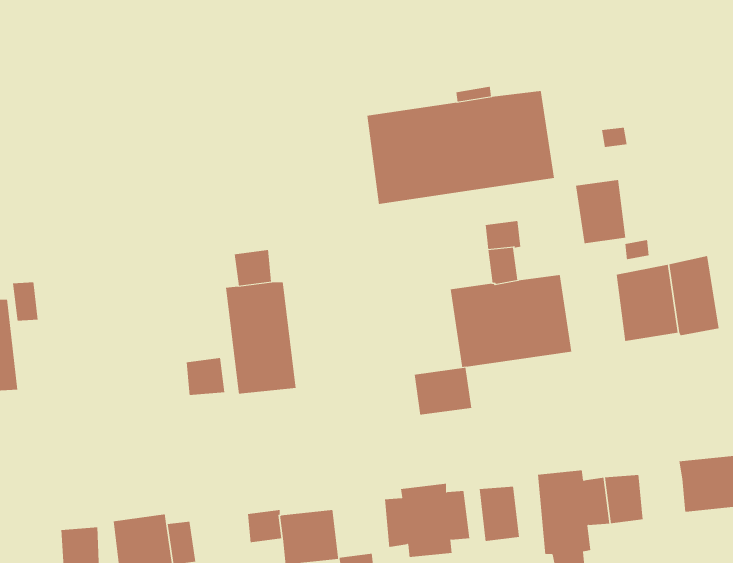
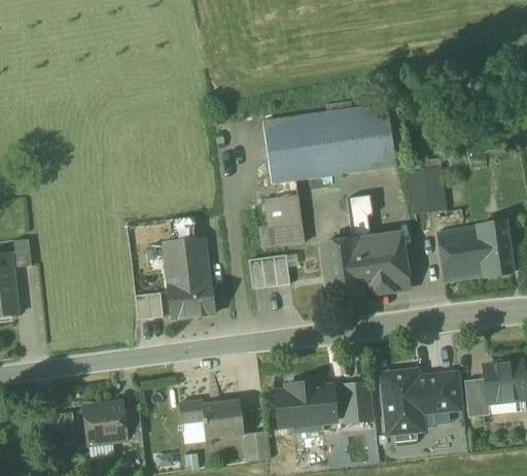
building: none -> [259,194,304,247]
building: [414,367,472,415] -> [248,253,289,287]
building: none -> [464,377,489,416]

